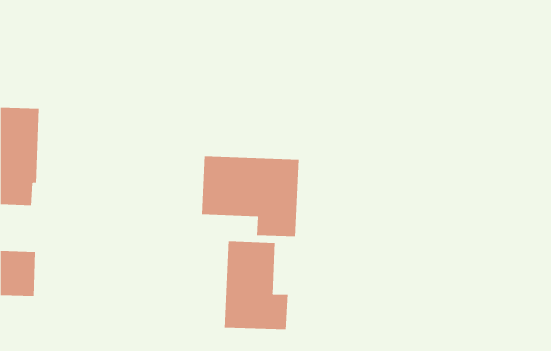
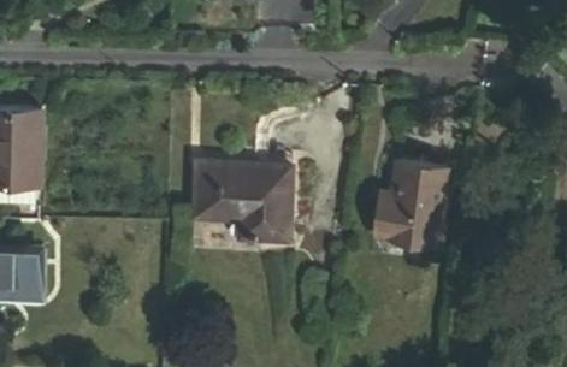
building: none -> [379,162,451,244]
building: [224,241,288,330] -> none

